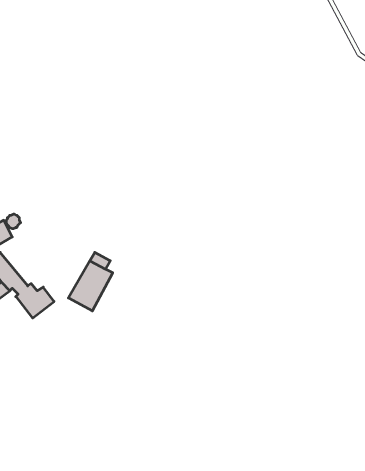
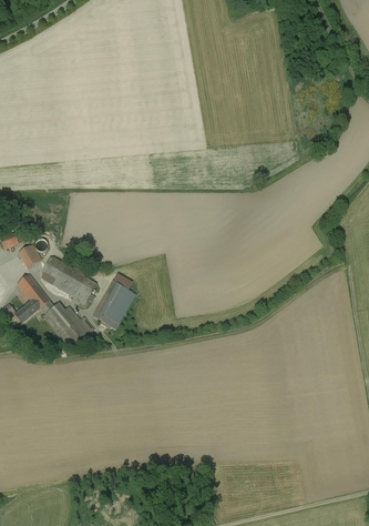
building: none -> [42,256,98,306]

